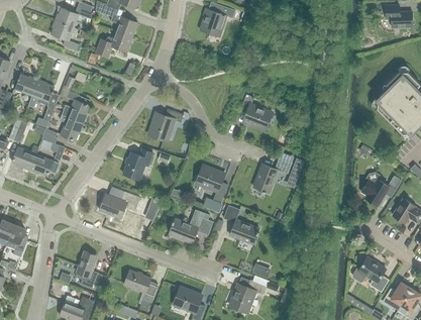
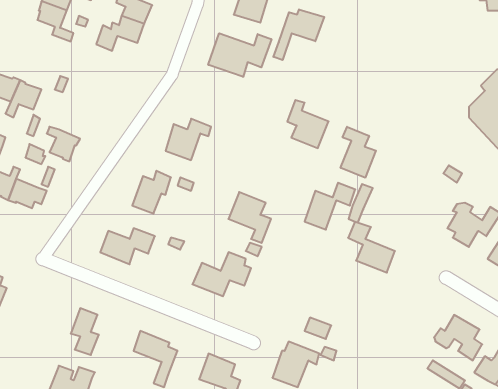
building: none -> [273,9,324,60]
building: none -> [208,33,271,77]
building: [61,91,90,123] -> none
building: none -> [341,127,376,178]
building: [223,205,258,243] -> [348,222,395,273]

